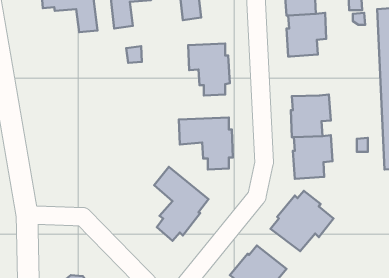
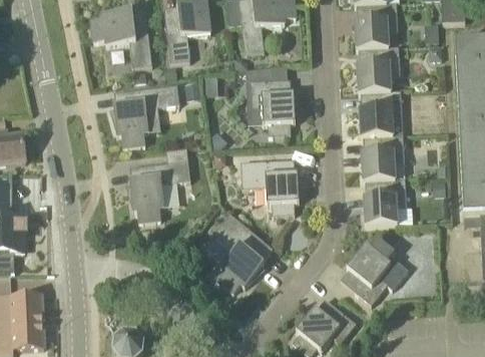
building: none -> [113,85,179,147]
building: none -> [360,91,403,138]
building: none -> [129,160,190,223]

